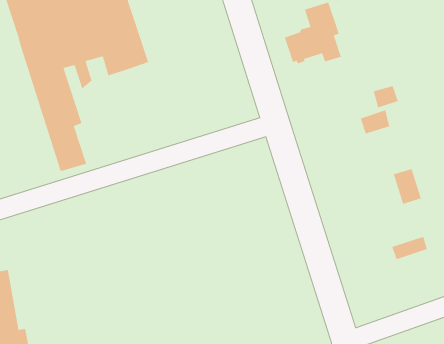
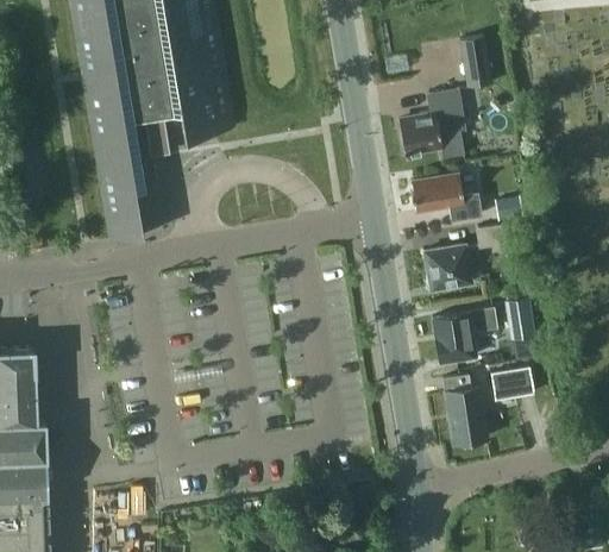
building: none -> [410,174,481,219]
building: none -> [423,245,478,290]
building: none -> [432,308,496,363]
building: none -> [442,372,486,441]

